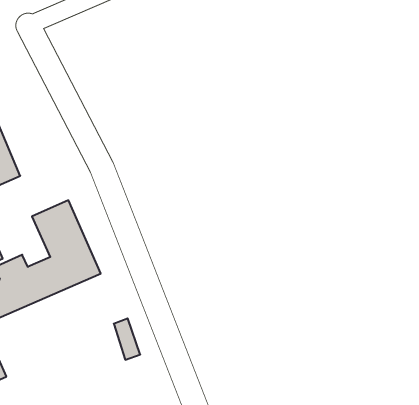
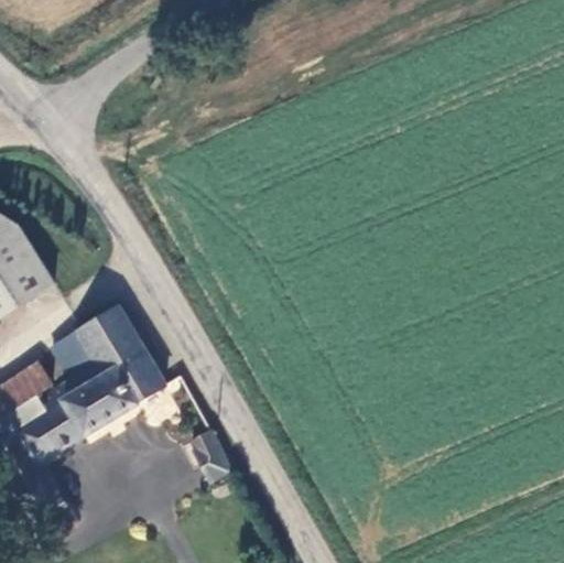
building: none -> [52,329,105,389]

